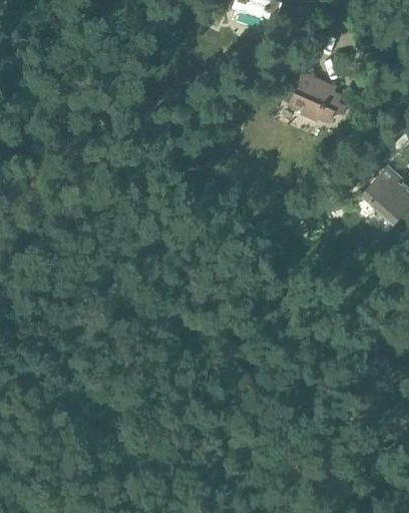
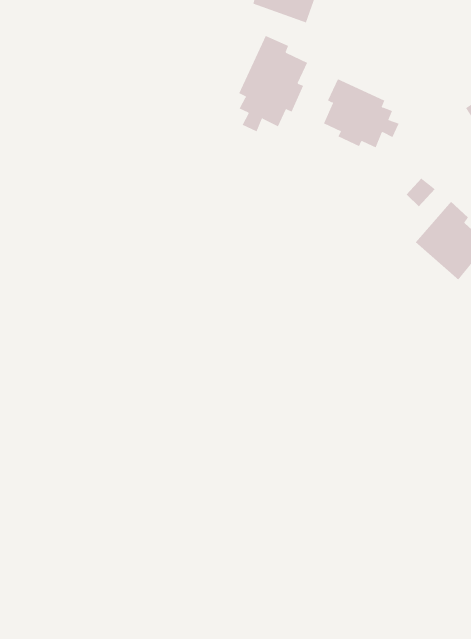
building: none -> [239,35,308,132]

